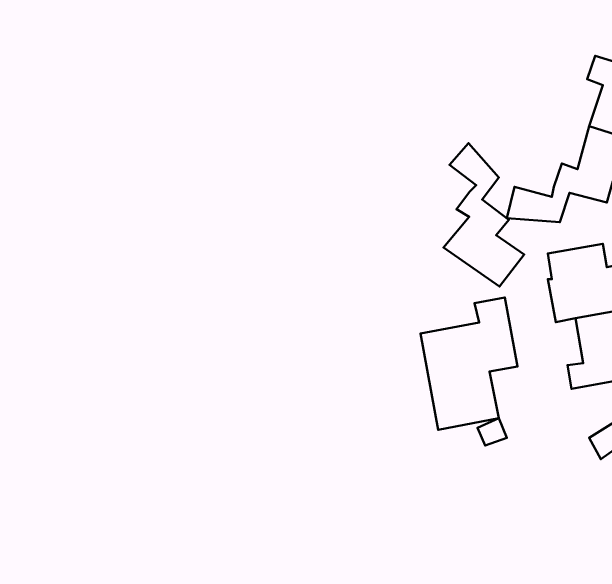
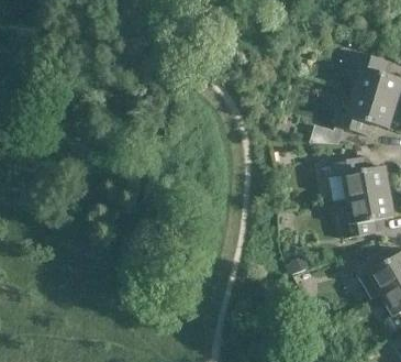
building: [444,143,524,286] -> none
building: [421,297,518,430] -> none

